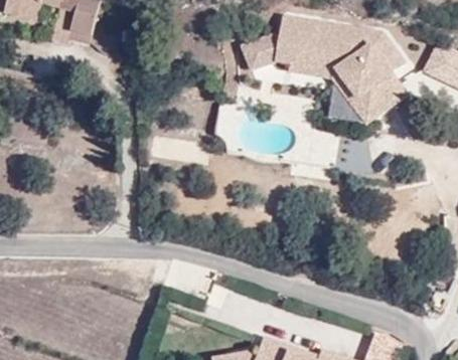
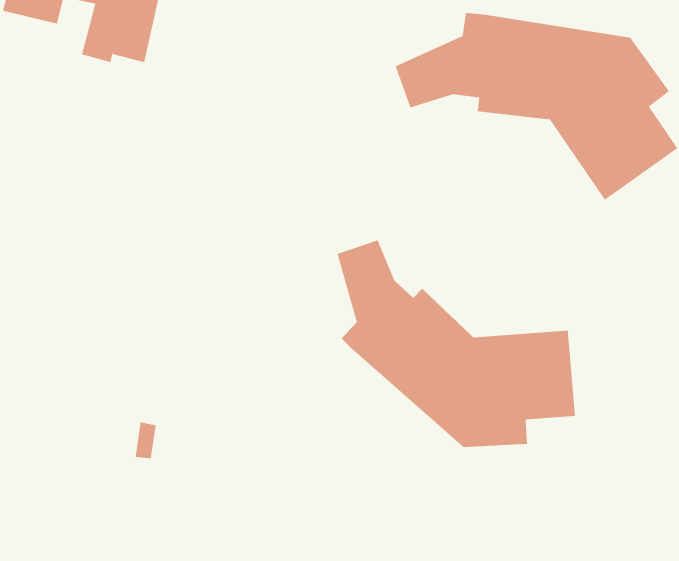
building: none -> [337,239,575,448]

